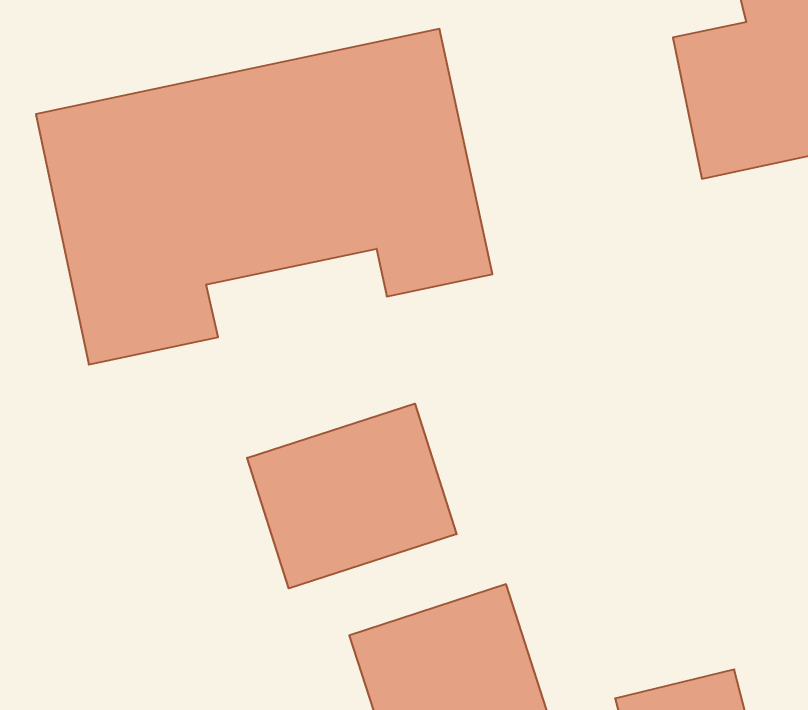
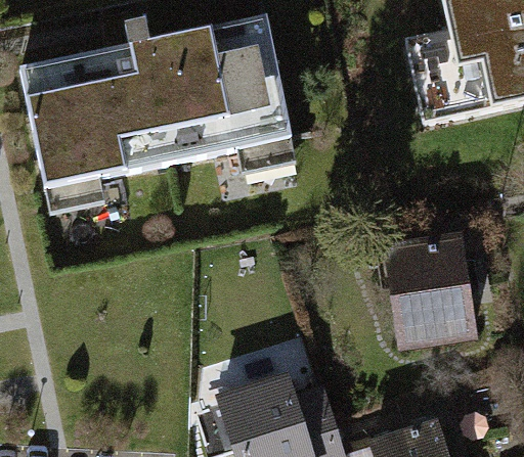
building: none -> [385,227,470,328]
building: [247,404,457,588] -> none

